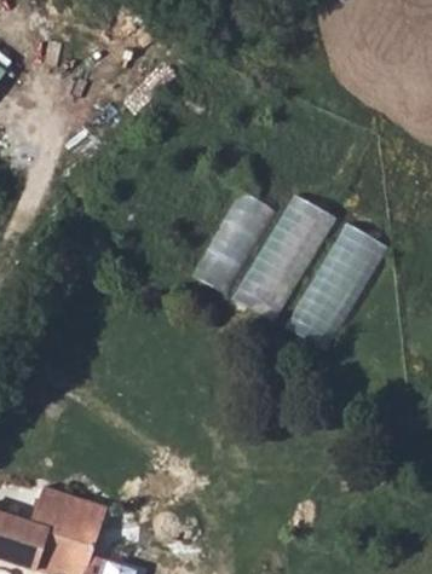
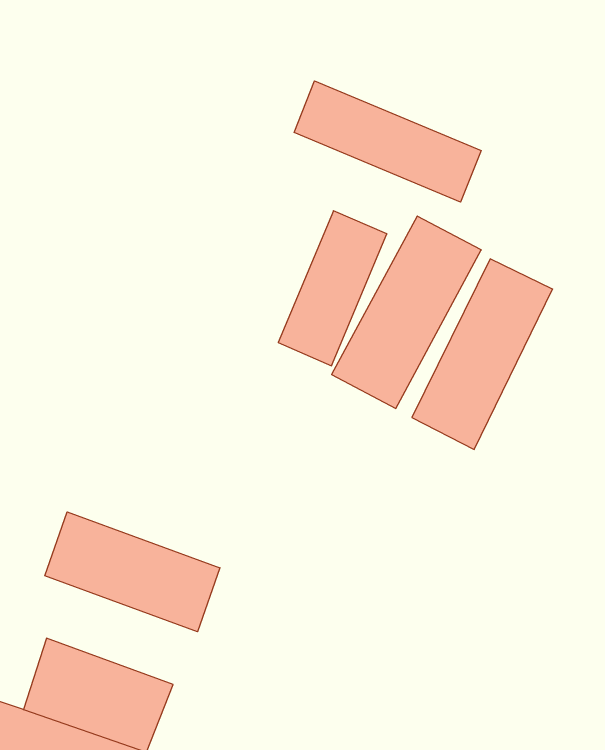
building: none -> [294,81,481,202]
building: none -> [45,512,220,632]

